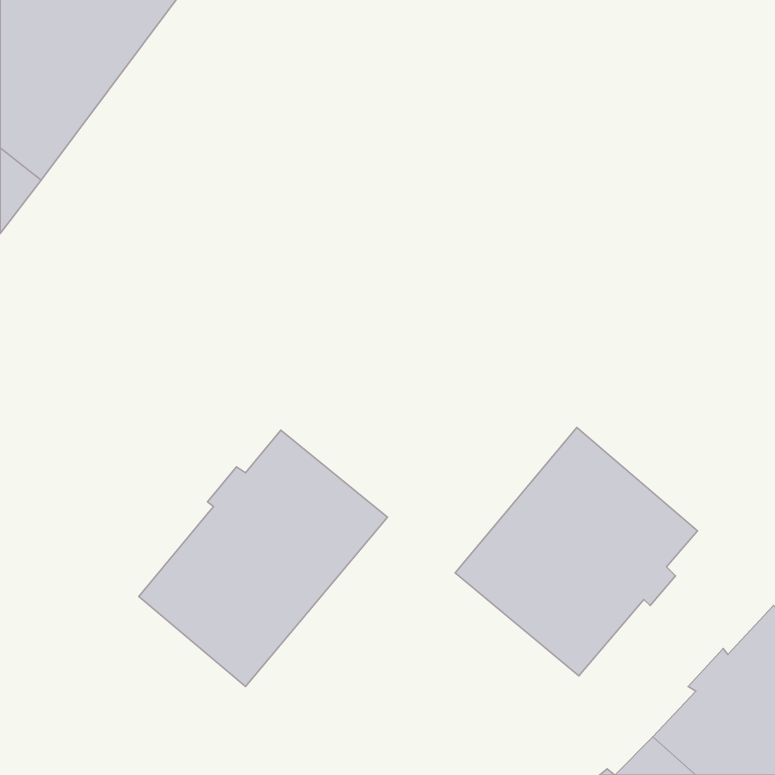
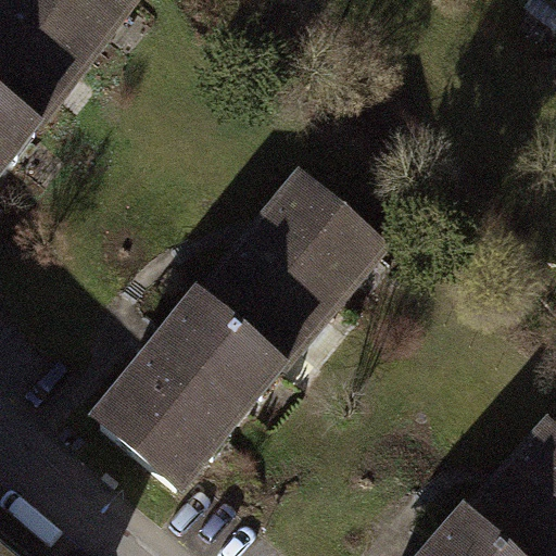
building: none -> [203,185,381,368]
building: [455,428,698,676] -> none

